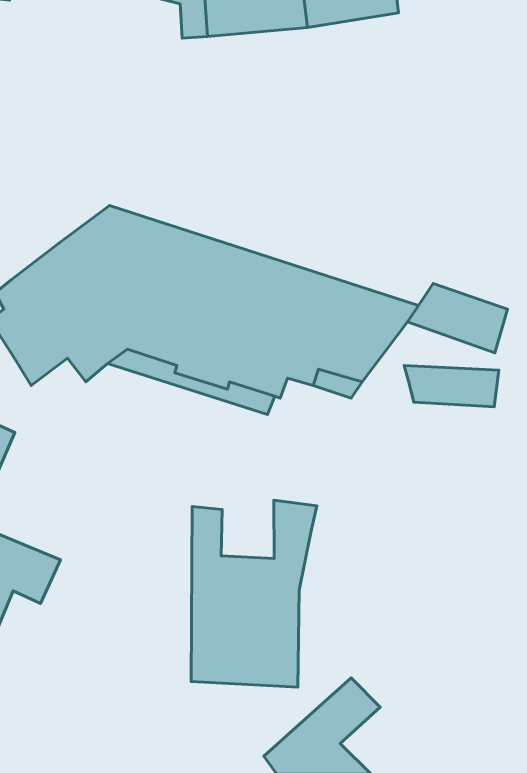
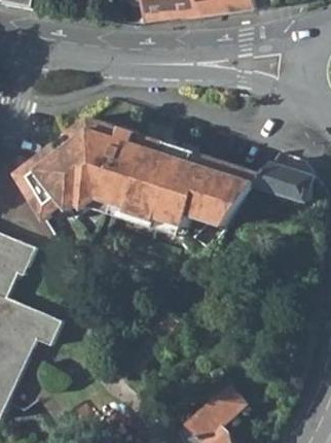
building: [404,365,499,407] -> none
building: [191,500,317,687] -> none

